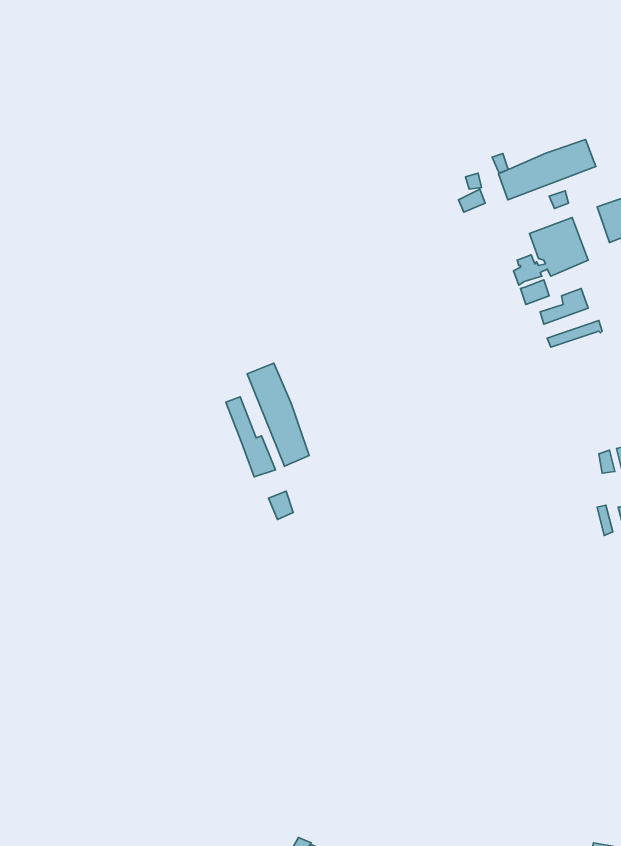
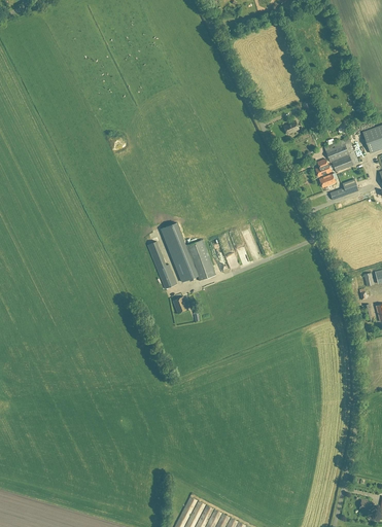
building: [499,139,596,200] -> none
building: none -> [186,240,215,281]

